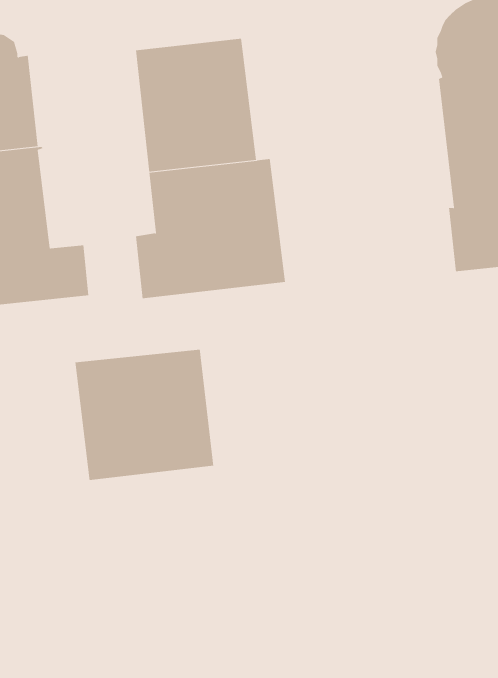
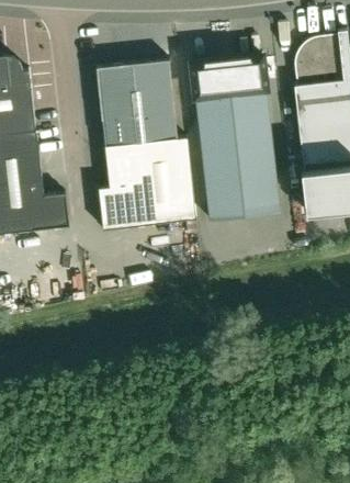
building: none -> [189,54,278,221]
building: [75,349,214,481] -> none

